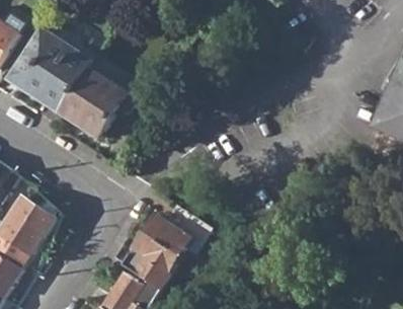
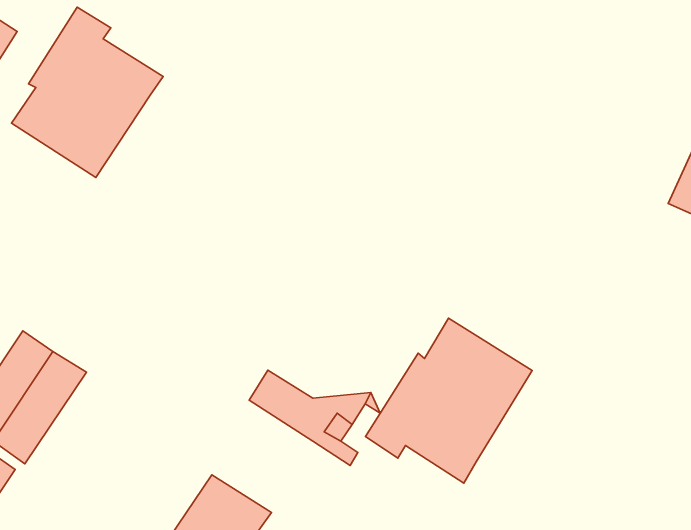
building: [60,67,133,137] -> none
building: none -> [365,318,532,483]
building: [131,232,177,289] -> none

